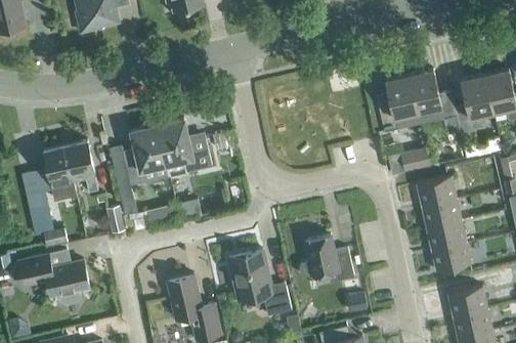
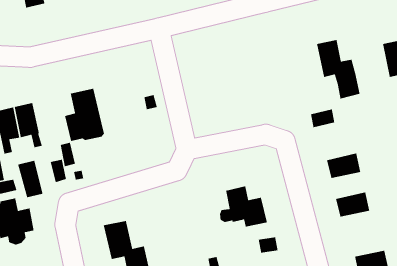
building: [379,74,418,132] -> none
building: [455,74,492,131] -> none
building: [157,118,211,178] -> none
building: [417,176,456,206] -> none
building: none -> [17,160,43,198]
building: [426,220,466,250] -> none
building: [229,250,292,315] -> none
building: [447,286,487,315] -> none

